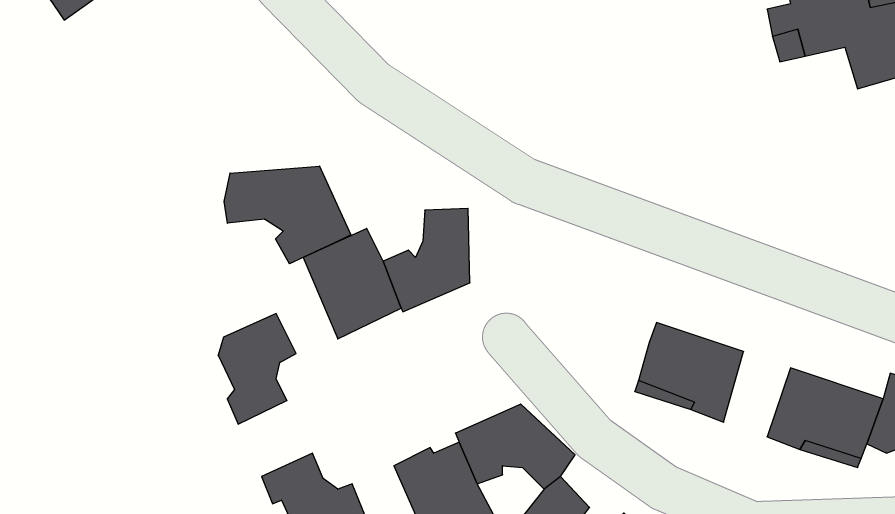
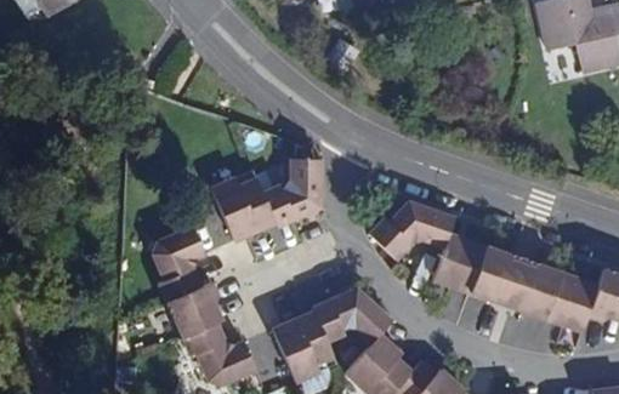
building: [224,166,351,264] -> none
building: none -> [368,199,453,258]
building: none -> [492,250,536,307]
building: none -> [166,279,220,333]

